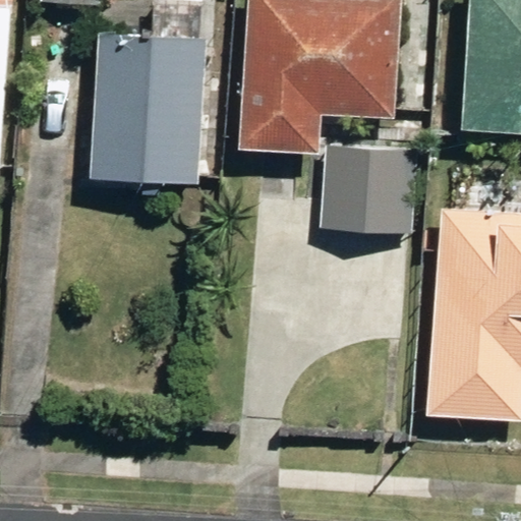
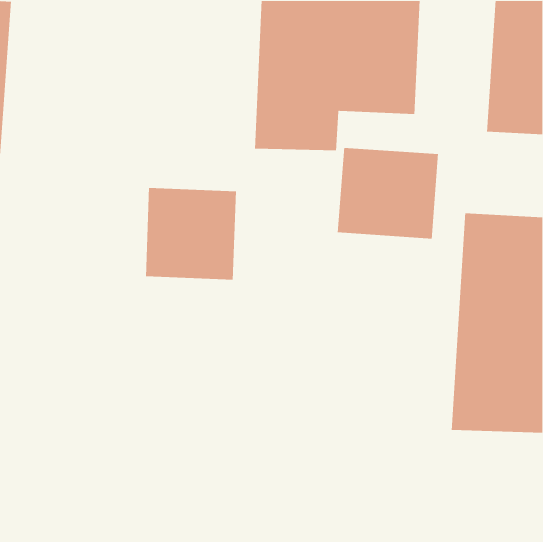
building: [92,34,206,182] -> none
building: none -> [145,187,237,281]

